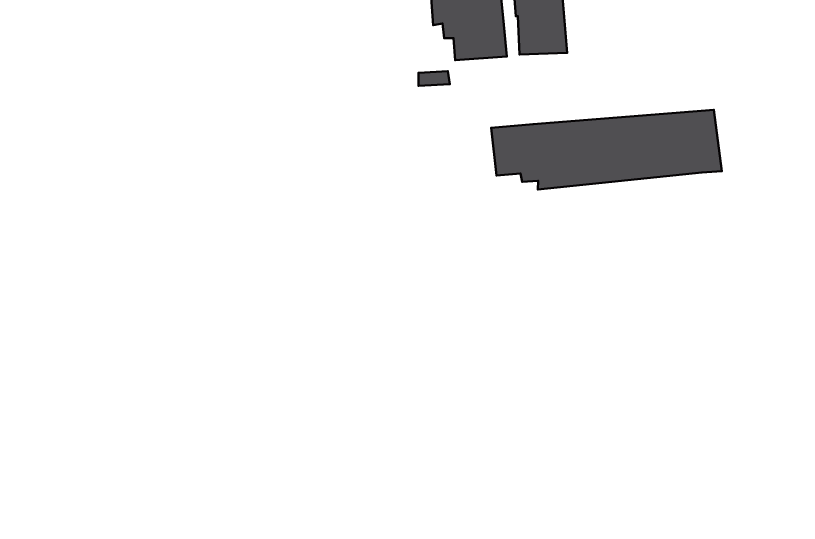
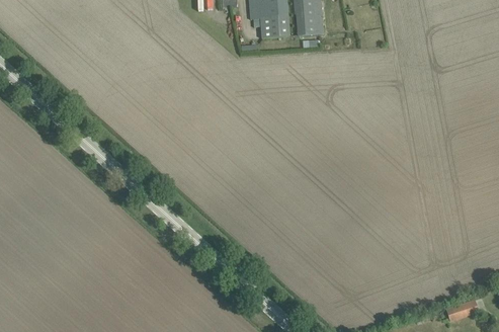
building: [491,110,722,190] -> none

